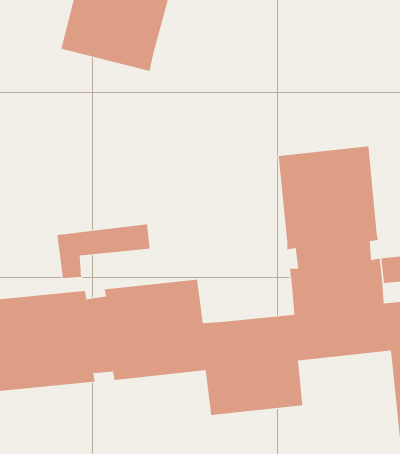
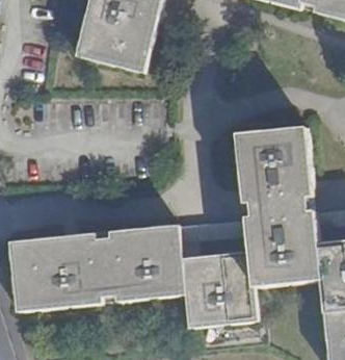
building: [57,224,151,278] -> [179,216,248,257]

